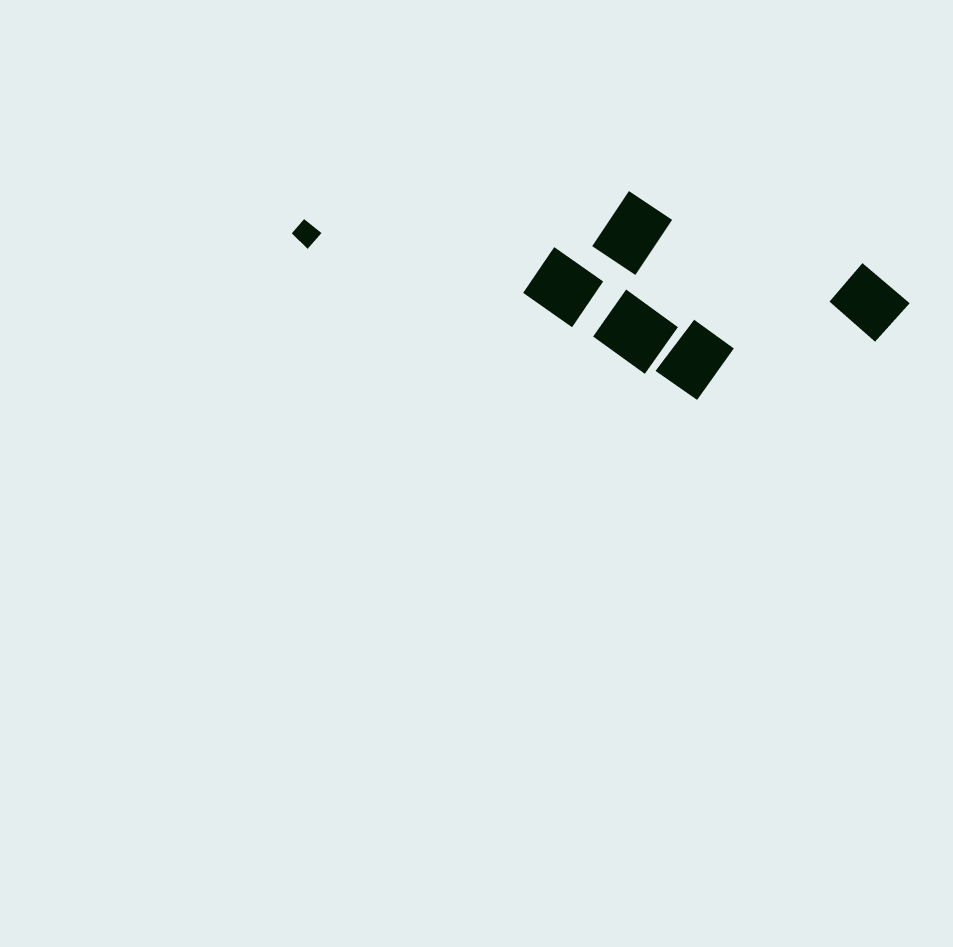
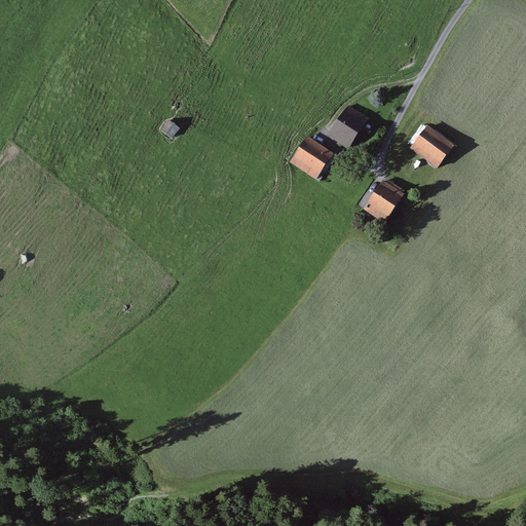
building: [829,262,911,342] -> [409,123,454,167]
building: [592,288,679,375] -> none

